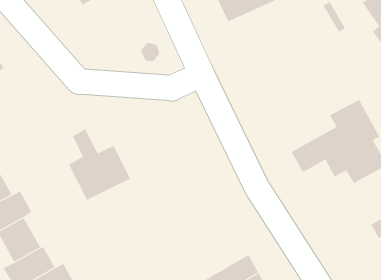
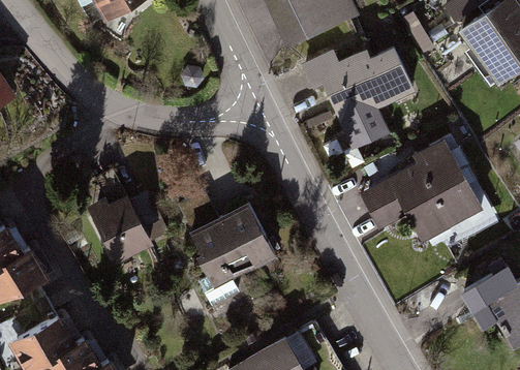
building: none -> [305,48,411,142]
building: none -> [178,193,275,305]

